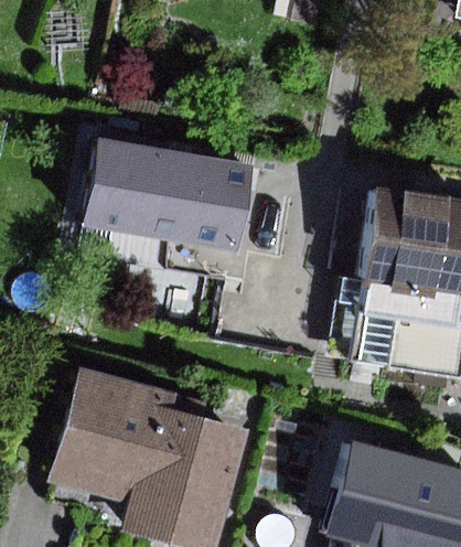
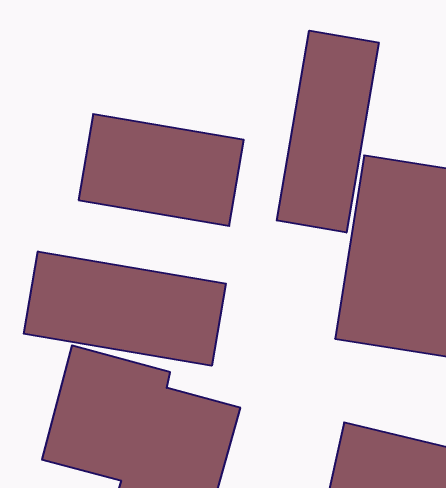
building: none -> [277,31,379,233]
building: none -> [24,251,226,366]

